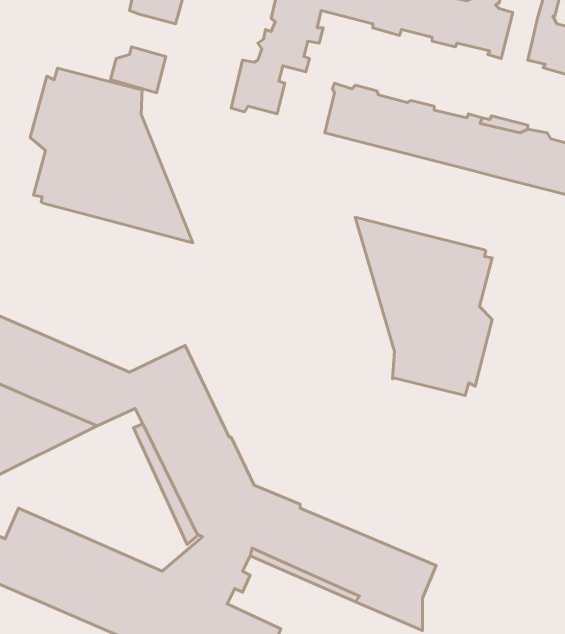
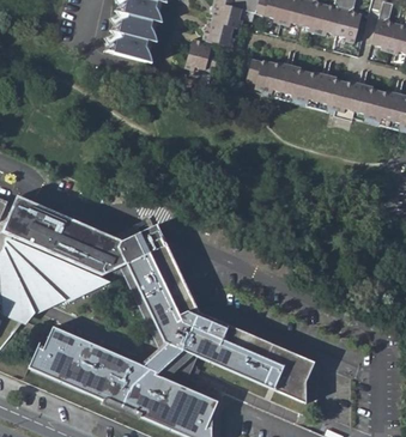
building: none -> [117,16,152,42]
building: [30,68,193,243] -> none
building: [355,217,492,396] -> none

